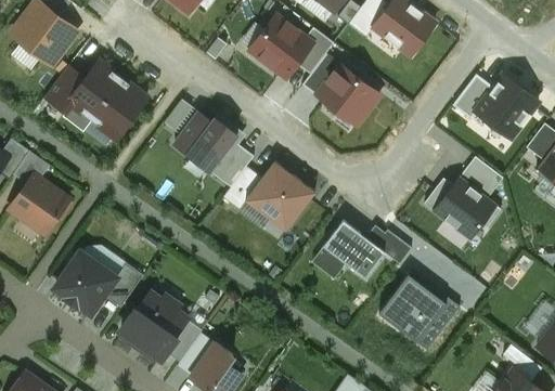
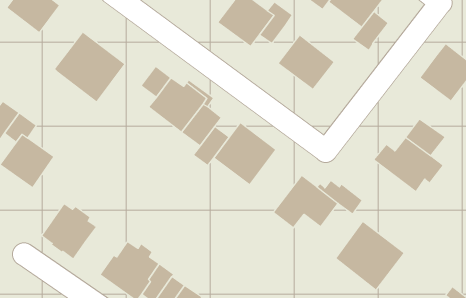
building: [302,54,341,96] -> none
building: [46,66,86,114] -> none
building: [453,76,493,119] -> [353,11,389,50]
building: [103,263,142,308] -> none

